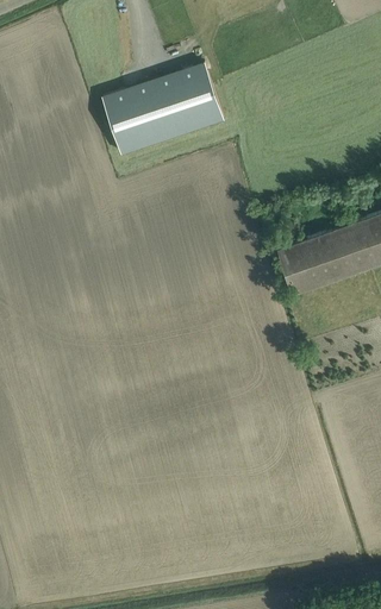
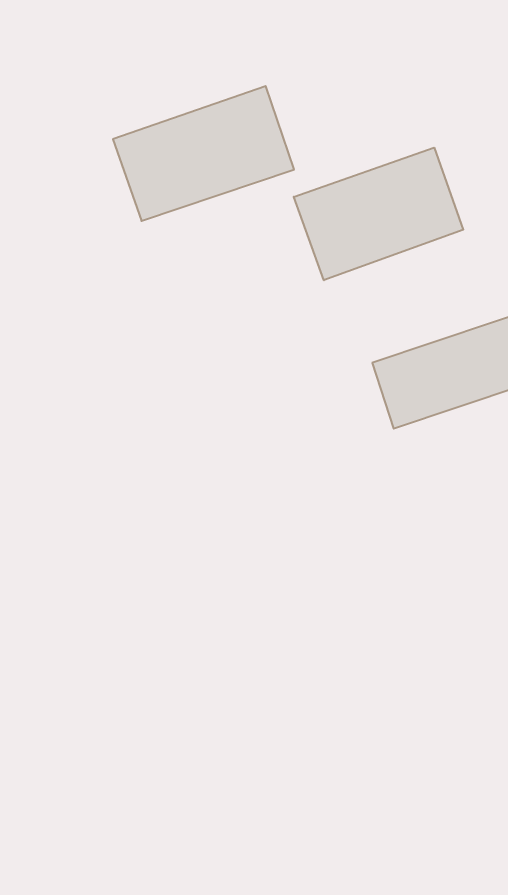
building: none -> [294,148,463,280]

